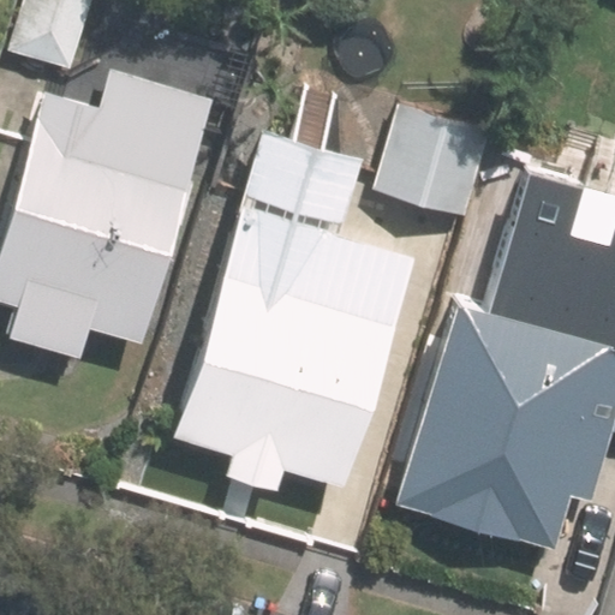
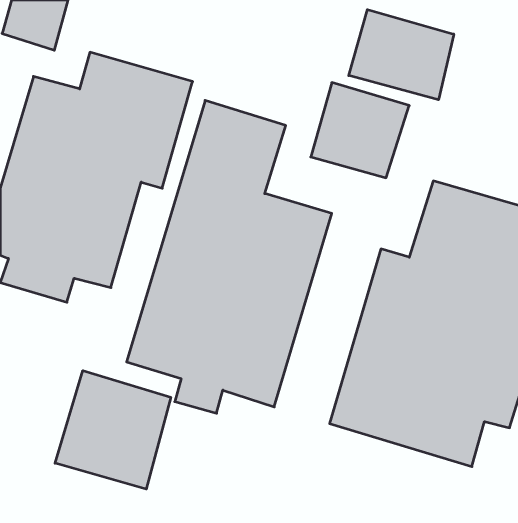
building: none -> [349,10,454,100]
building: none -> [55,371,171,489]

